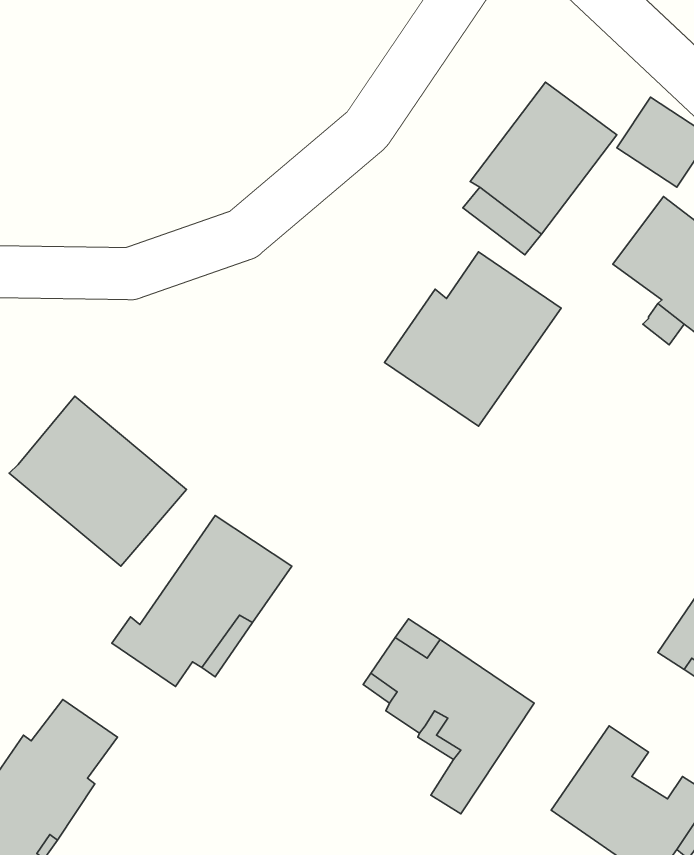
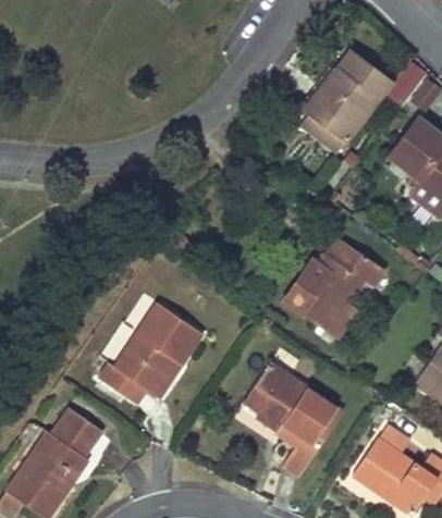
building: [385,252,561,426] -> [283,237,385,338]
building: [9,396,187,566] -> none

